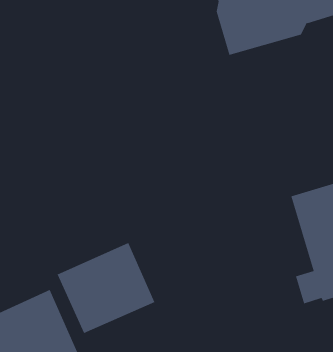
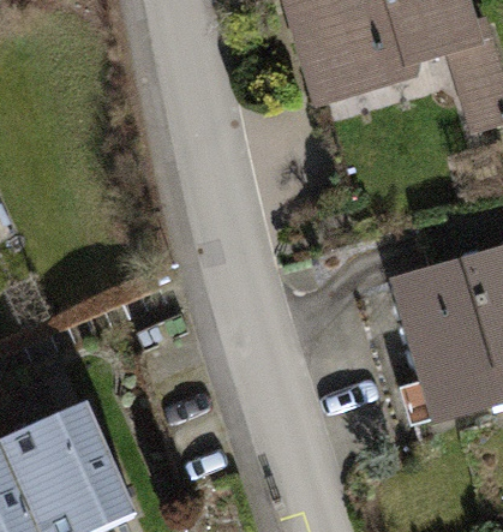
building: [57,242,155,334] -> none

